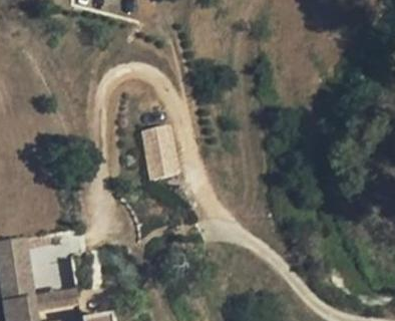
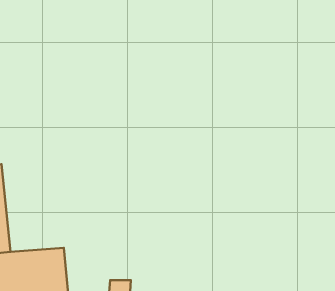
building: [134,126,176,184] -> none

